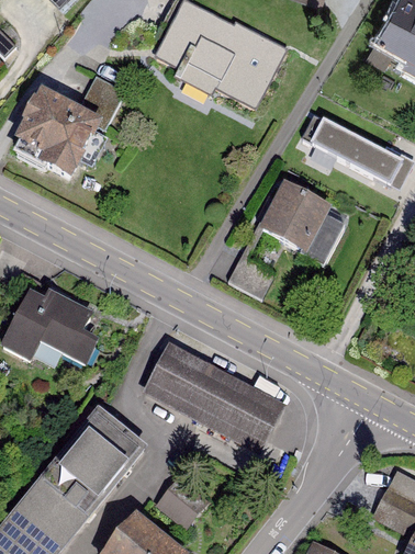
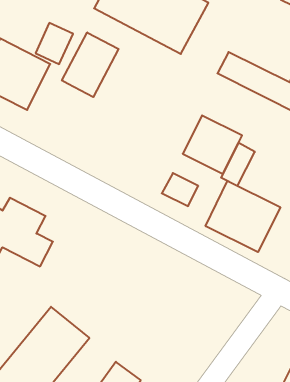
building: none -> [62,32,119,97]
building: none -> [206,181,280,252]
building: [146,347,283,450] -> none

